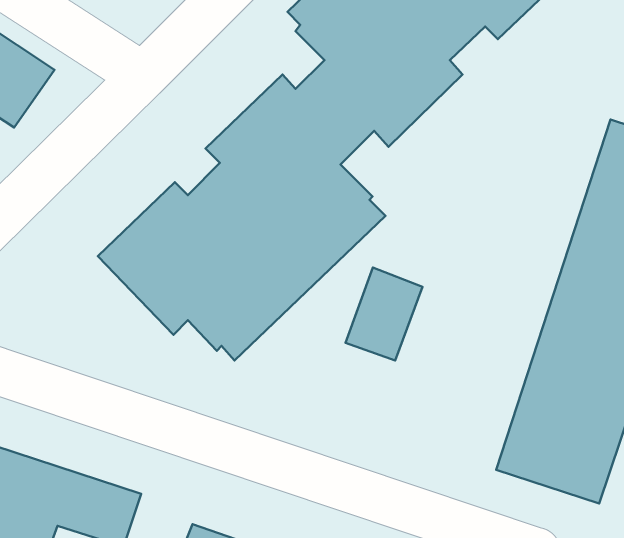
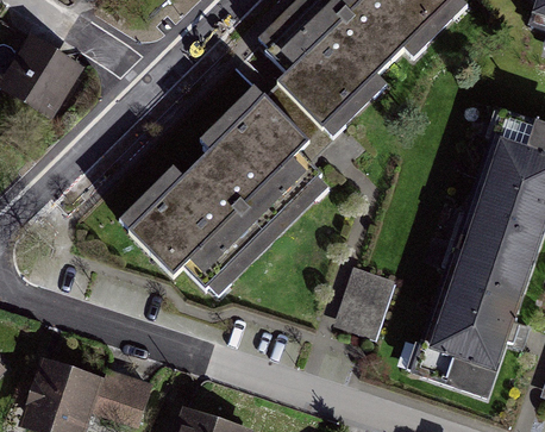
building: [345,267,423,361] -> [336,267,393,336]

